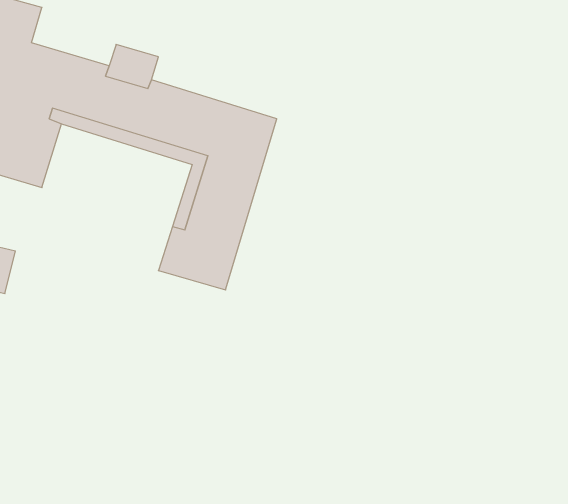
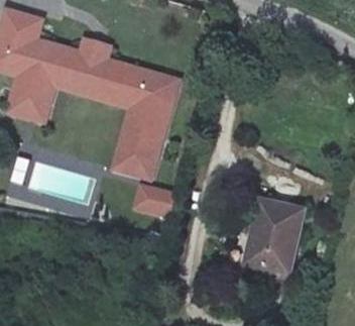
building: none -> [134,185,173,215]
building: none -> [246,196,306,281]

